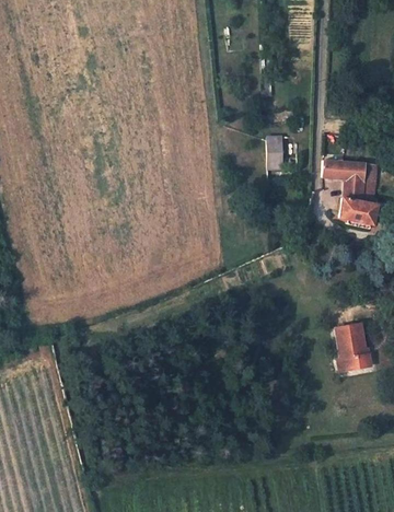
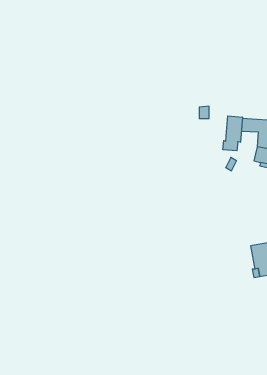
building: none -> [223,116,242,151]

